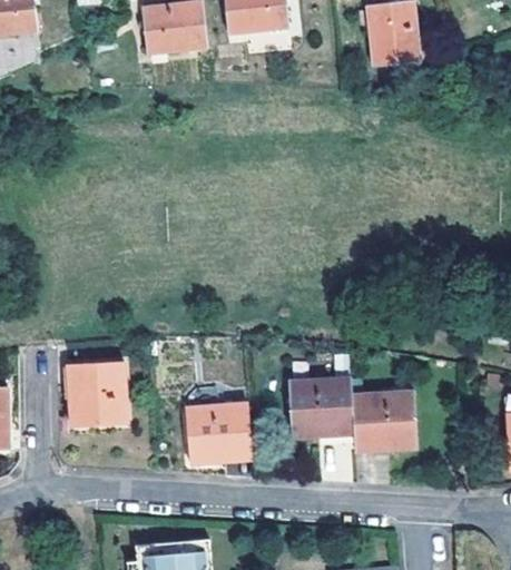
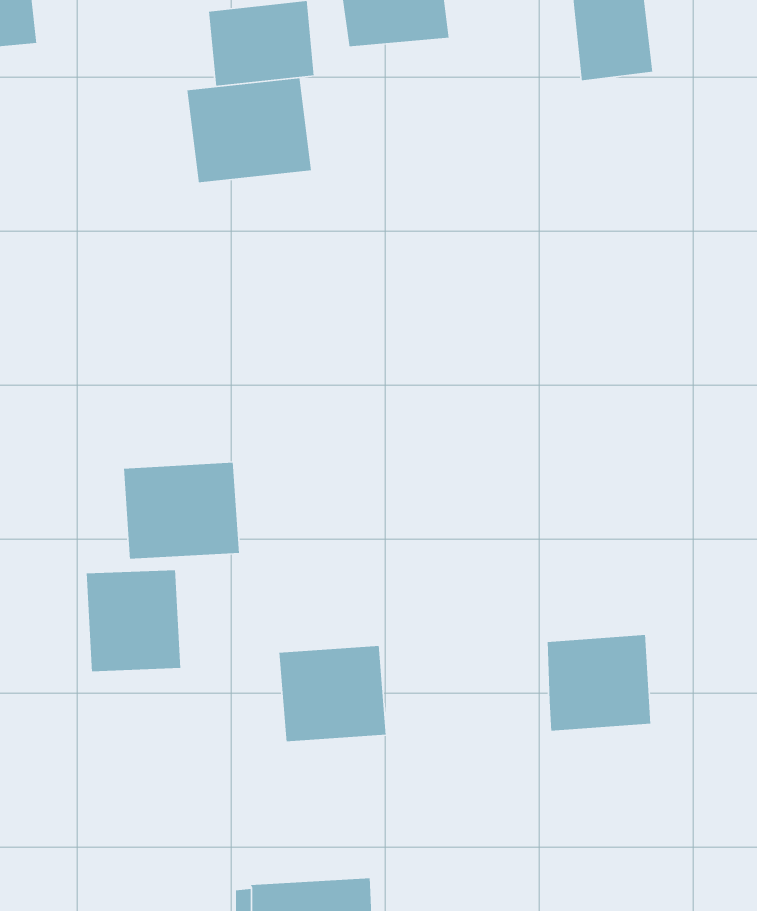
building: none -> [186,77,312,183]
building: none -> [123,462,240,560]
building: [286,381,352,440] -> none

